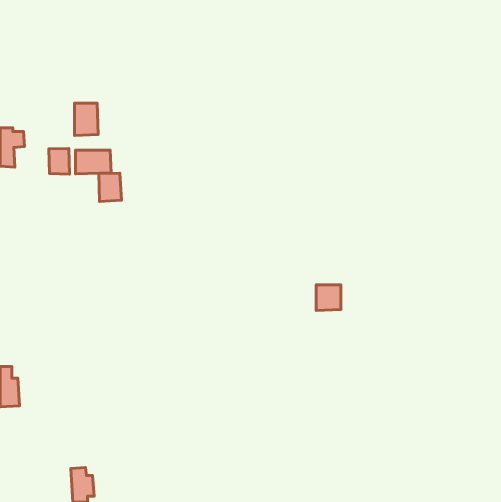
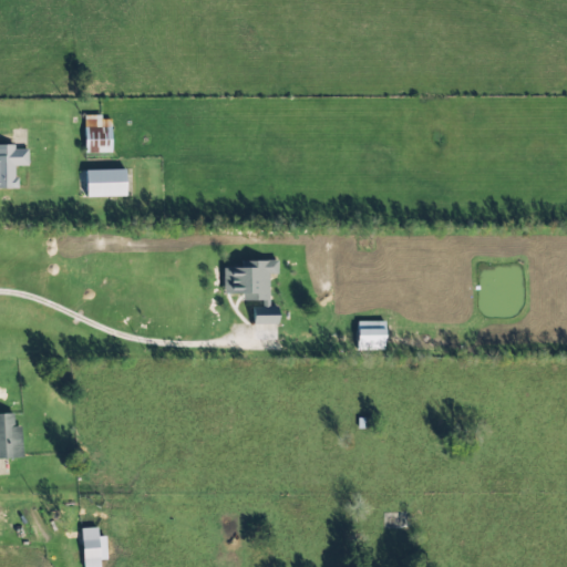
building: [49,148,69,174] -> none
building: [99,173,121,201] -> none
building: none -> [224,262,278,324]

